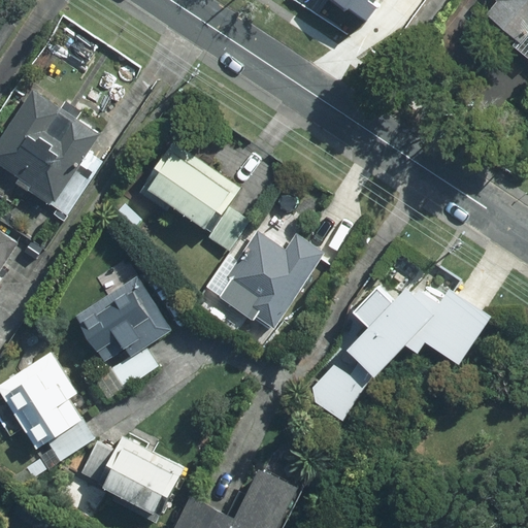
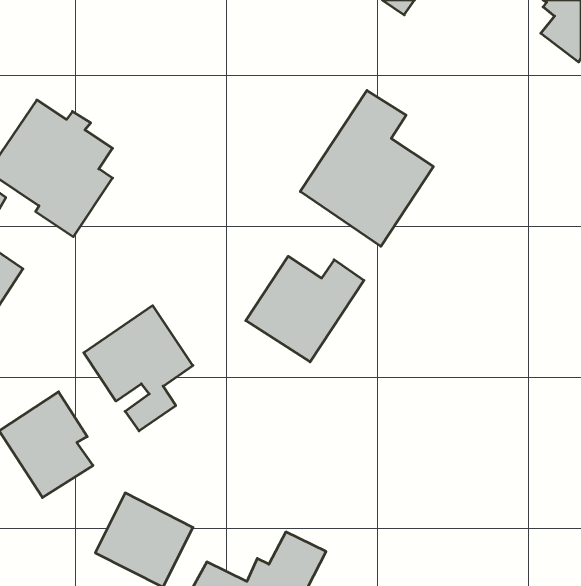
building: none -> [300,90,433,246]
building: [139,142,249,249] -> none
building: [303,287,477,423] -> none

